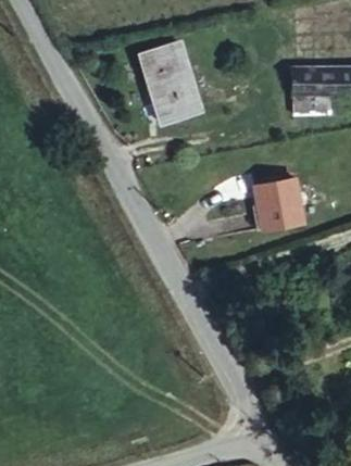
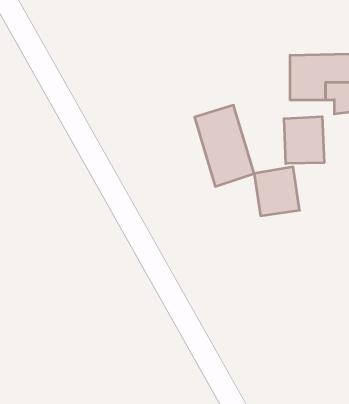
building: [140,41,200,123] -> [195,105,254,186]
building: none -> [284,117,324,164]

